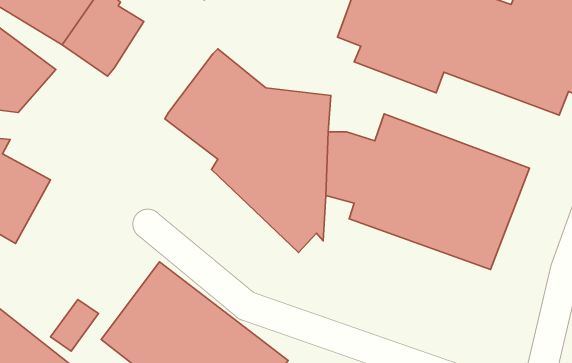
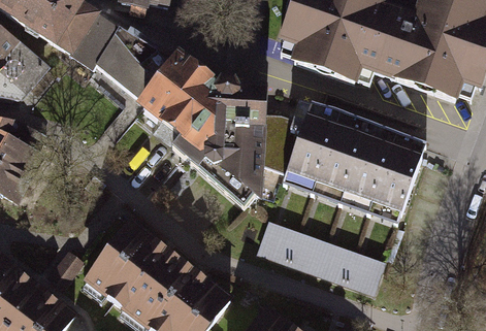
building: none -> [95,26,173,99]
building: none -> [256,221,383,294]

